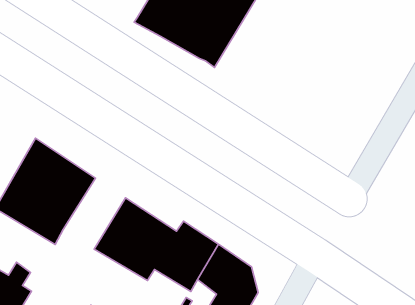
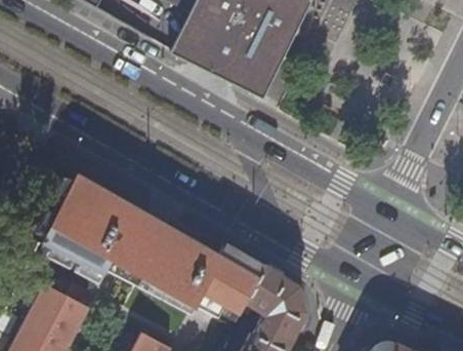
building: none -> [110,208,169,278]

